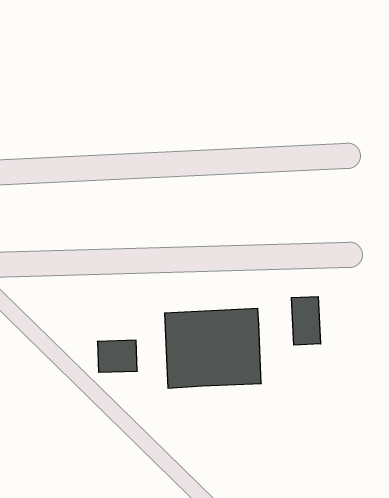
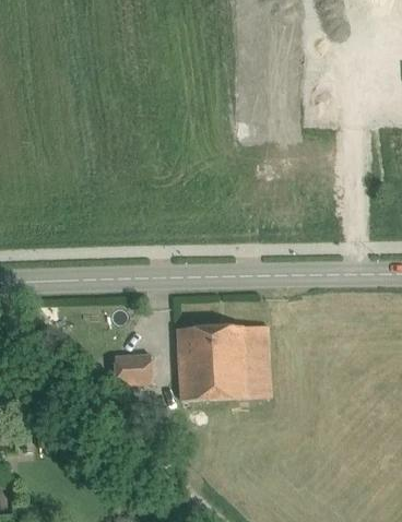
building: [291,297,321,345] -> none

